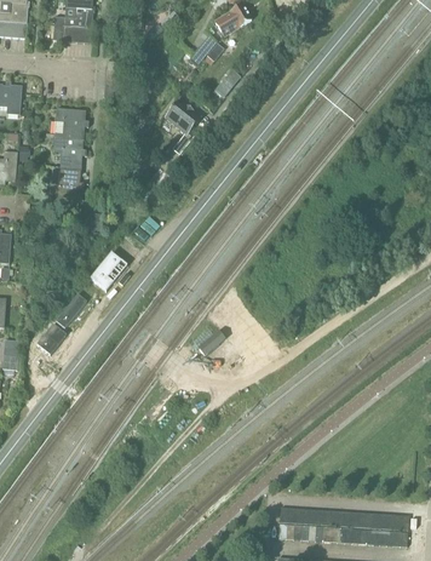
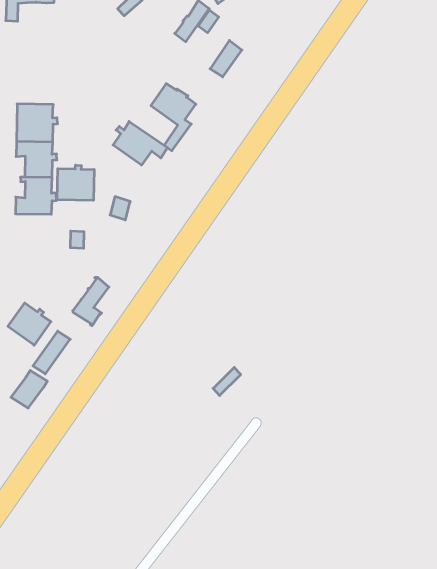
building: none -> [113,121,167,165]
building: none -> [57,165,94,200]
building: none -> [8,303,51,345]

